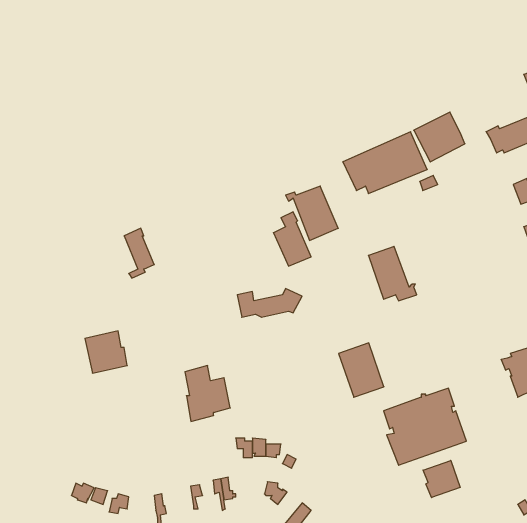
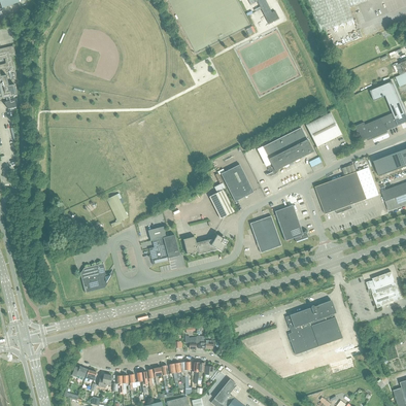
building: none -> [315,167,379,213]
building: [339,343,384,397] -> [250,215,281,252]
building: [185,366,230,421] -> [149,225,180,263]
building: [423,460,460,498] -> none

